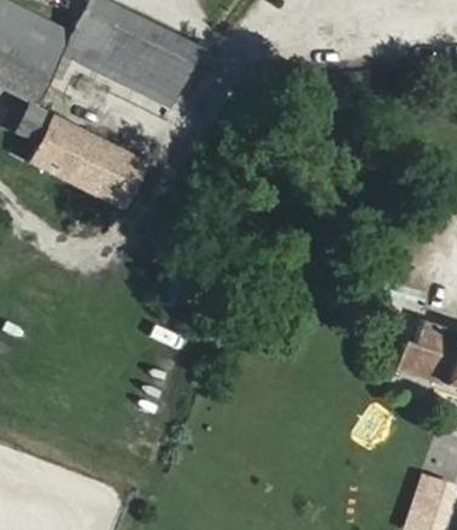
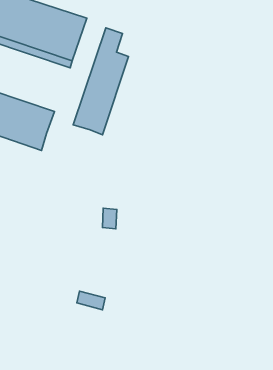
building: none -> [73,28,128,135]

